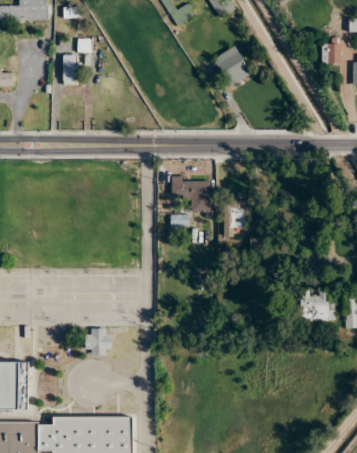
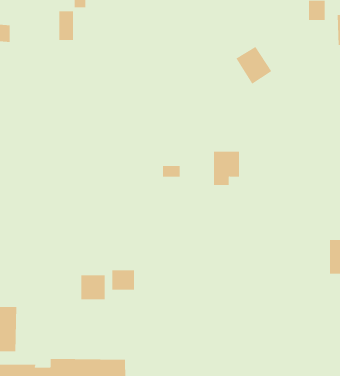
building: [213,46,251,86] -> [236,46,272,85]
building: [171,176,210,210] -> none
building: [300,290,333,321] -> none
building: none -> [112,270,135,290]

